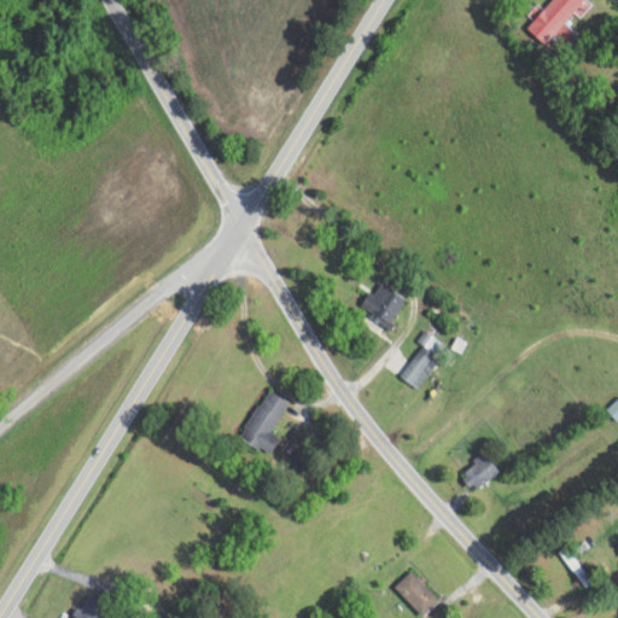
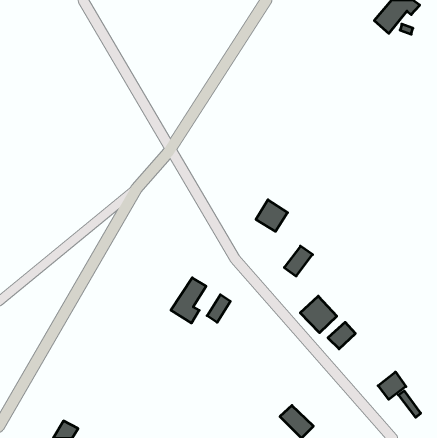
building: none -> [207,295,230,322]
building: none -> [300,296,337,333]
building: none -> [378,372,406,399]

